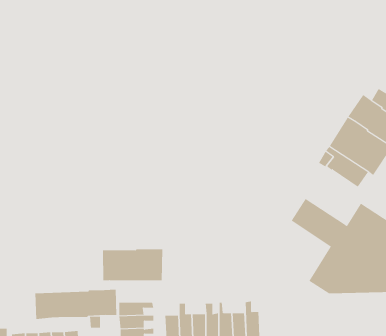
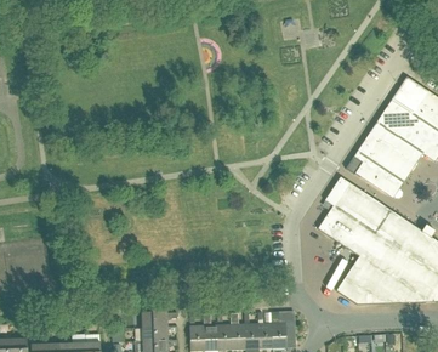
building: none -> [325,176,391,233]
building: [102,248,163,281] -> none
building: [35,289,117,320] -> none

